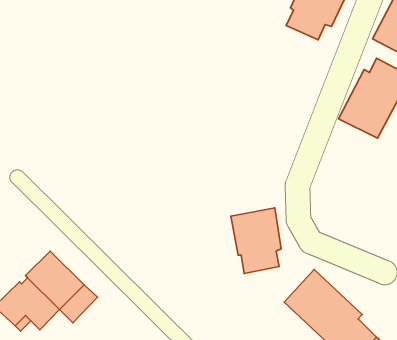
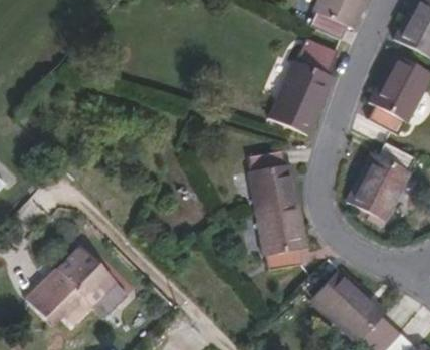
building: none -> [270,38,338,134]
building: none -> [345,142,414,222]
building: none -> [248,151,299,213]

